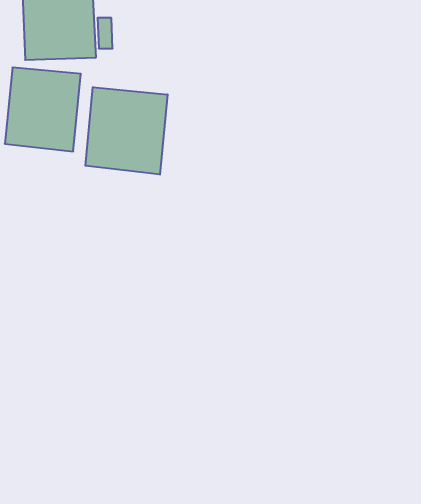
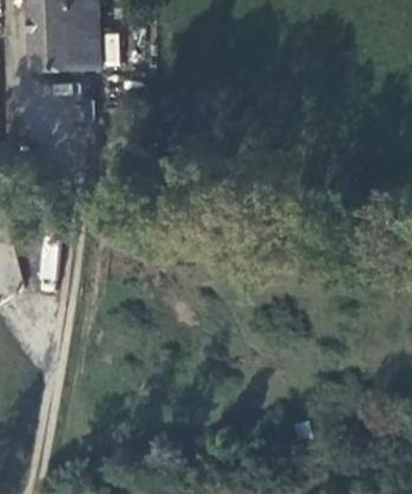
building: [85,87,168,175] -> none

